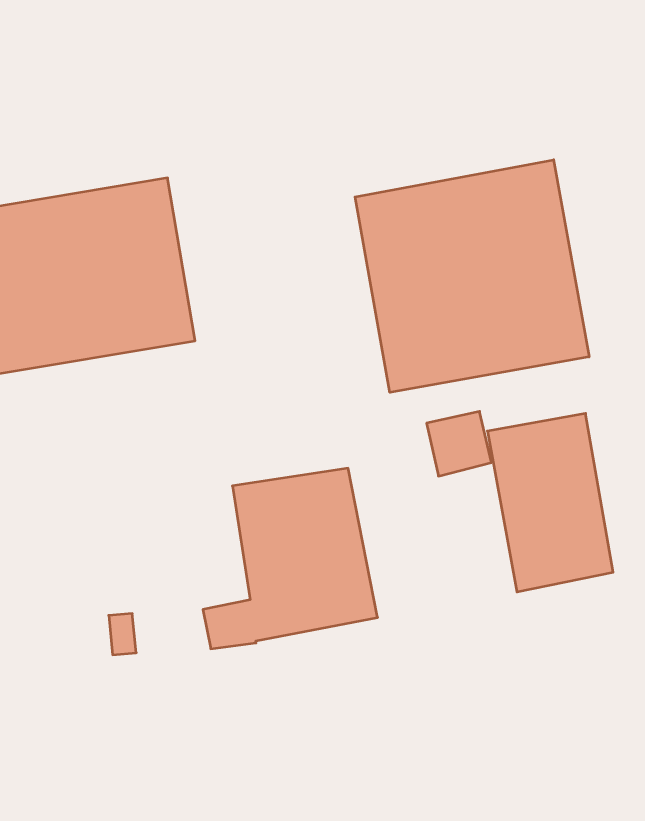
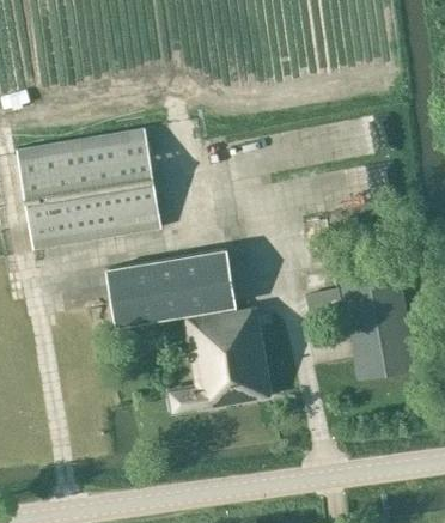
building: [355,160,589,392] -> none
building: none -> [106,250,236,327]

